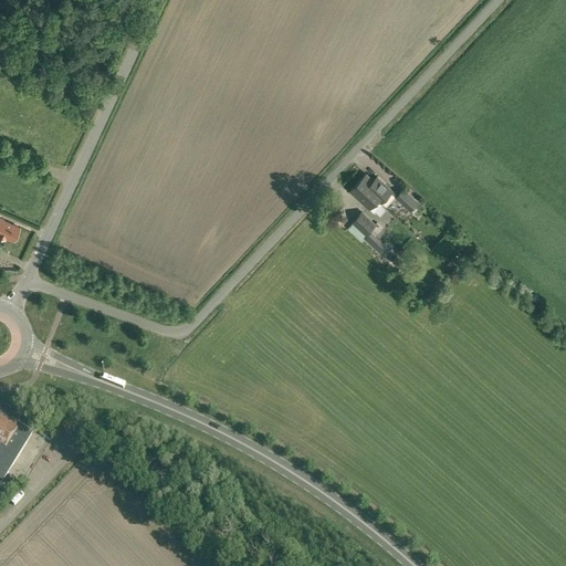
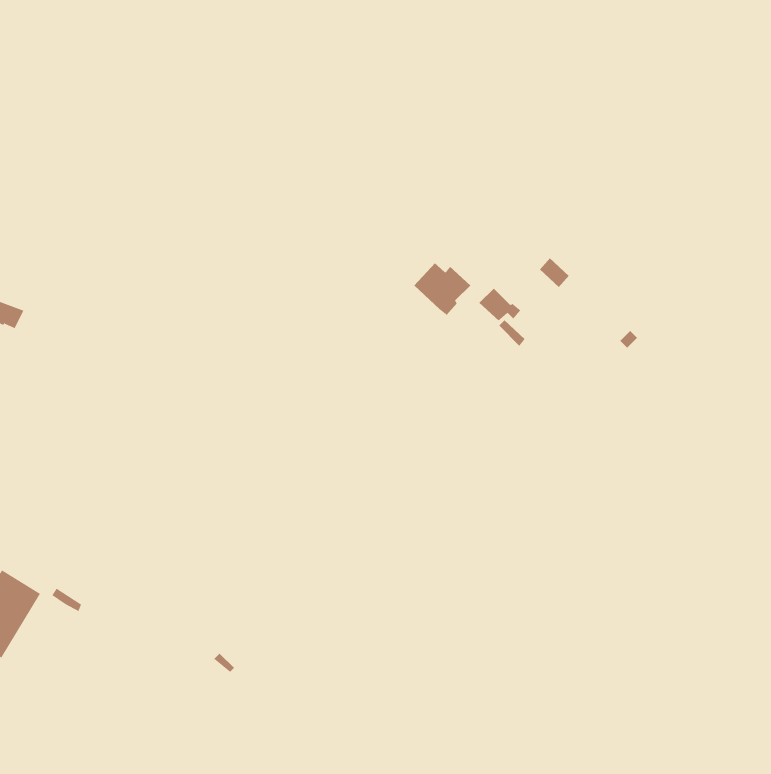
building: [348,174,390,212] -> [414,263,471,316]

